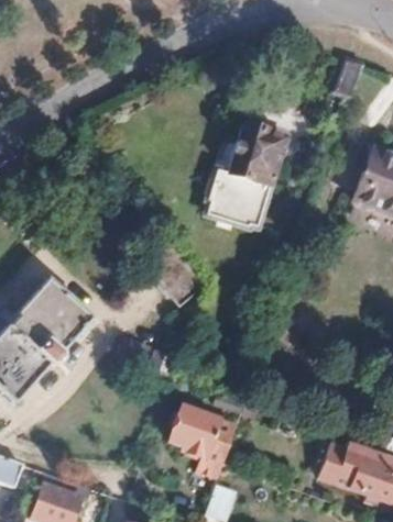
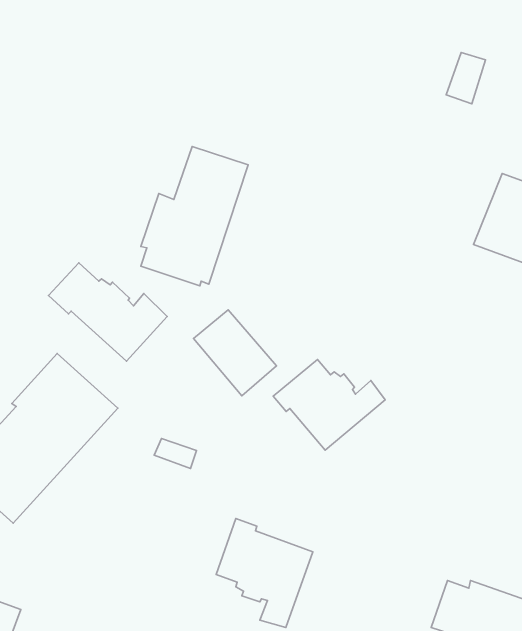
building: [204,126,282,227] -> [141,147,248,286]
building: none -> [48,263,167,361]
building: none -> [273,359,385,450]

